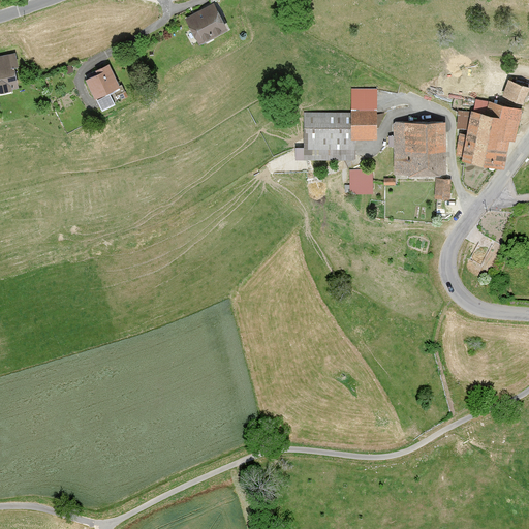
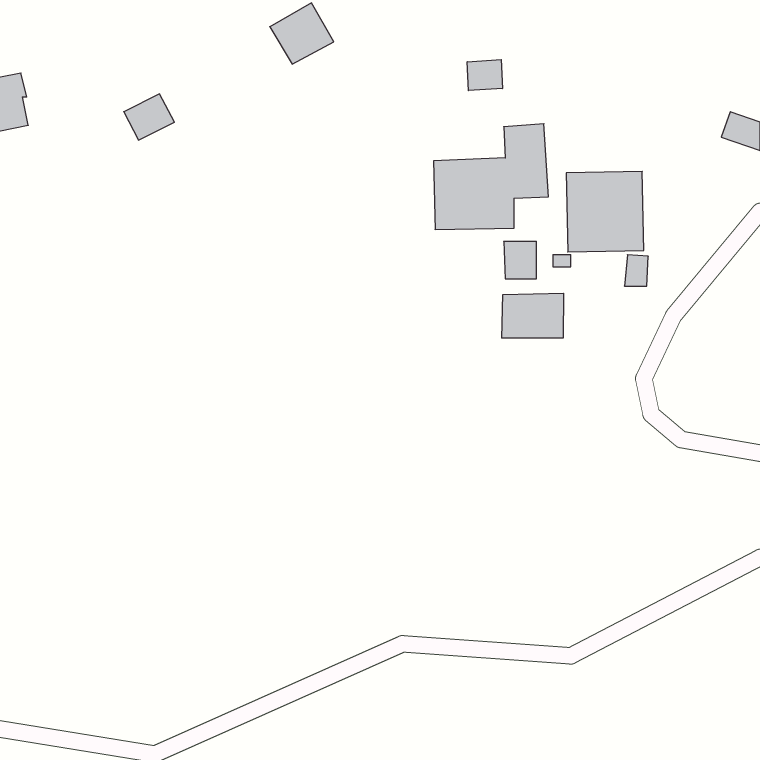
building: none -> [467,60,502,91]
building: [455,99,521,168] -> none
building: none -> [502,293,563,338]

